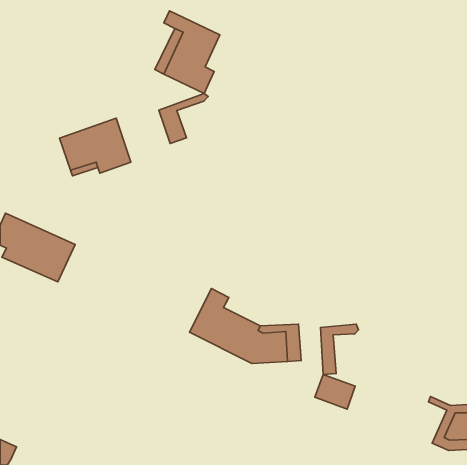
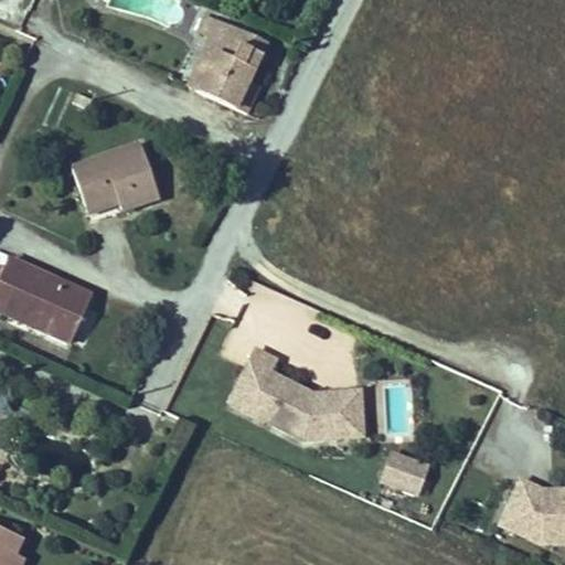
building: [159,93,208,144] -> none
building: [320,324,359,374] -> none
building: none -> [500,484,540,534]

